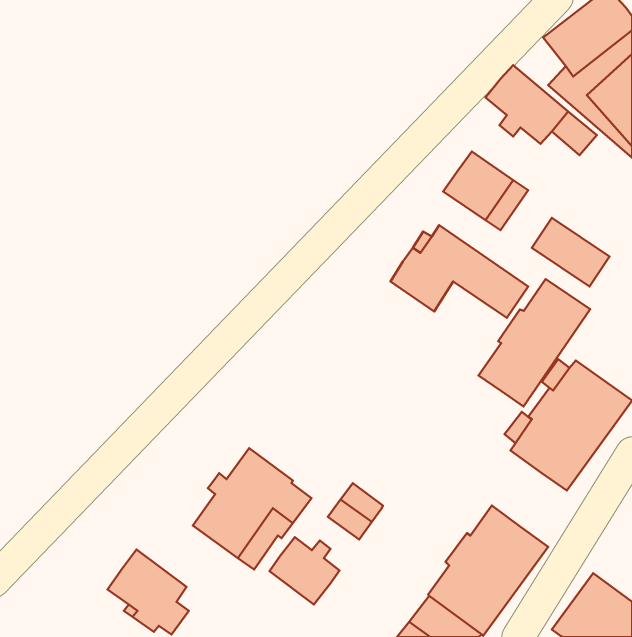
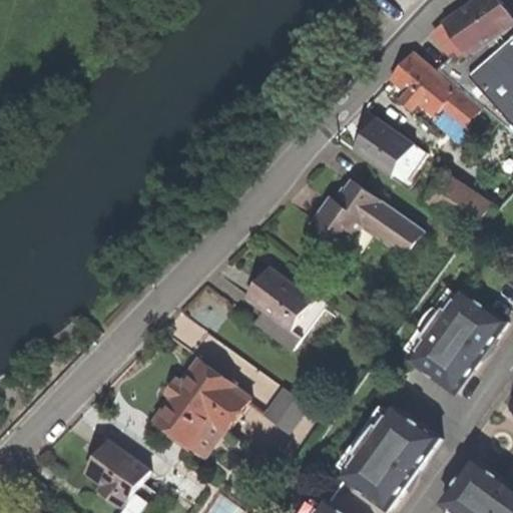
building: [478,279,590,406] -> none
building: none -> [246,268,313,349]
building: [269,537,339,605] -> none

